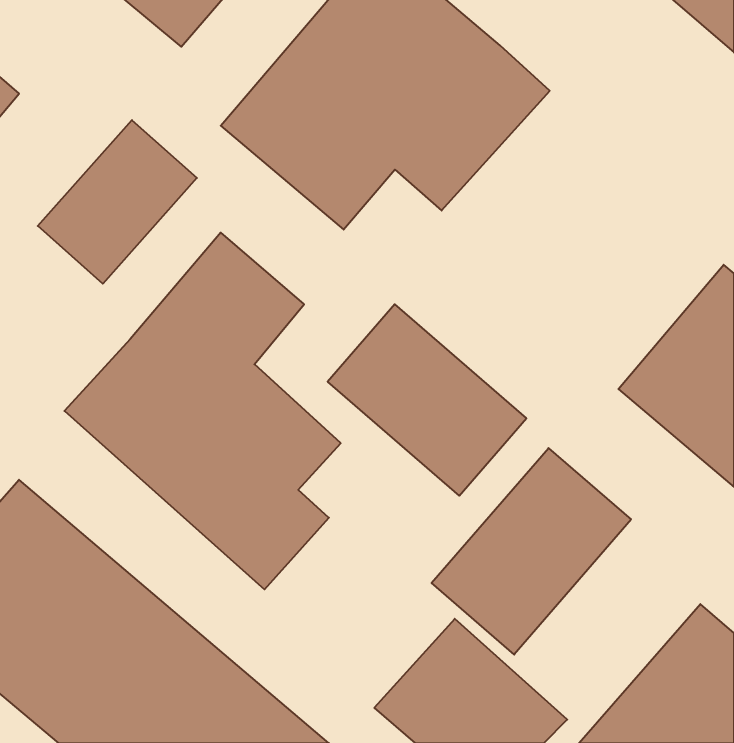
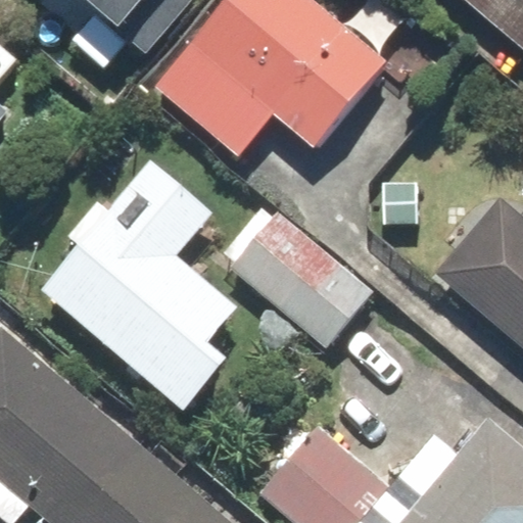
building: [38,120,197,284] -> none
building: [432,448,631,655] -> none

